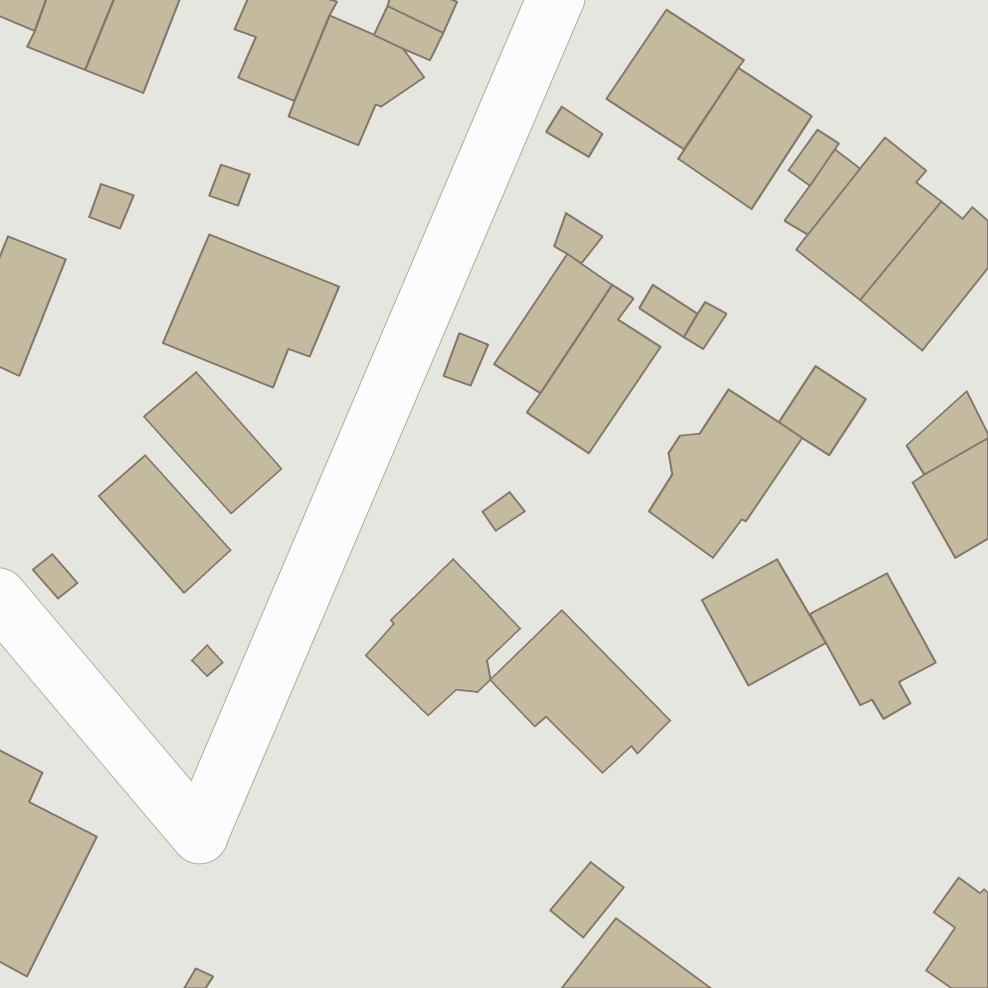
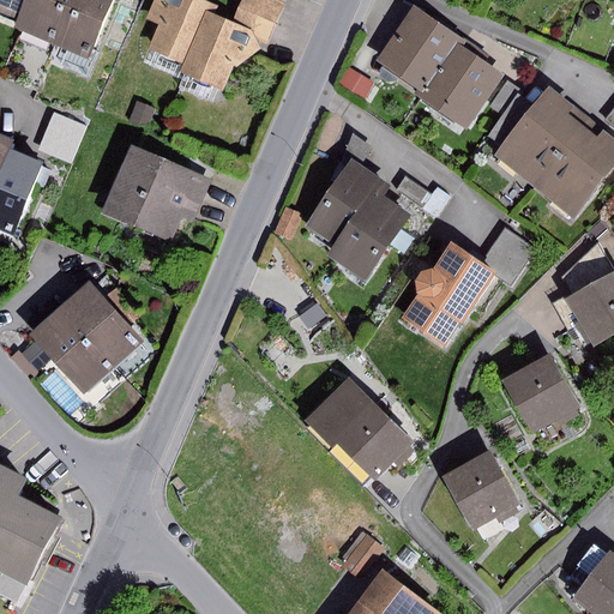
building: [144,372,281,513] -> [29,307,114,395]
building: [366,559,520,715] -> none
building: [702,560,826,685] -> [443,452,519,530]

